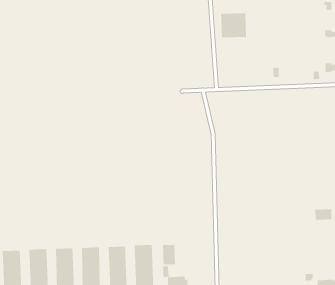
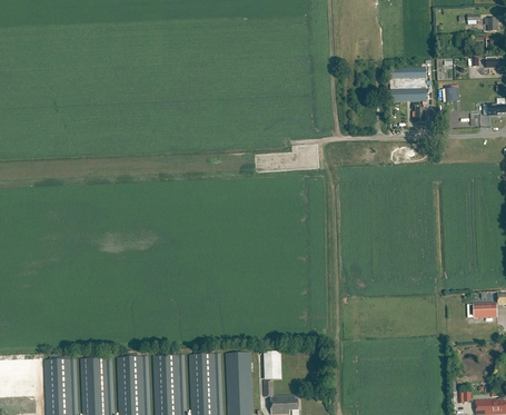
building: [220,13,247,38] -> [390,67,427,101]

